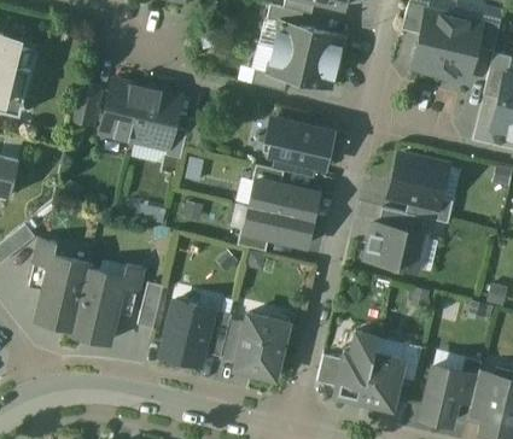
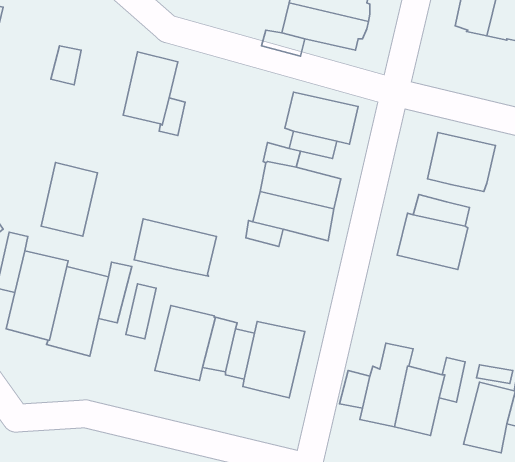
building: [100,80,147,141] -> [41,163,97,236]
building: [406,198,453,223] -> none
building: none -> [134,219,217,276]

